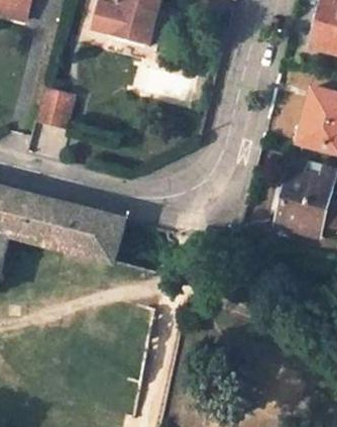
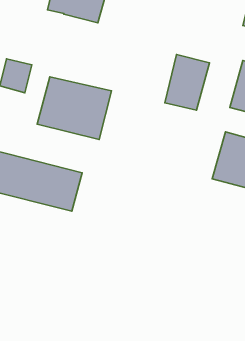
building: none -> [165,55,210,110]
building: none -> [37,77,111,140]

